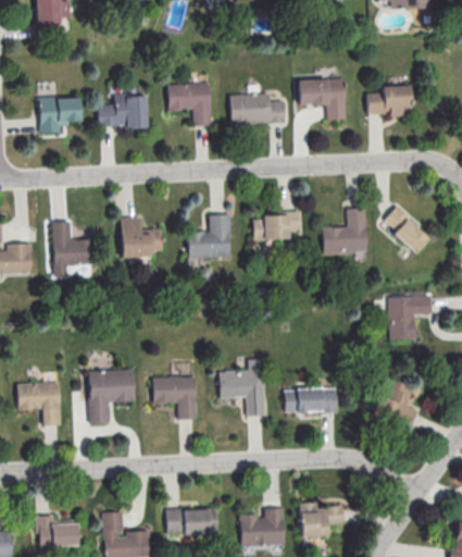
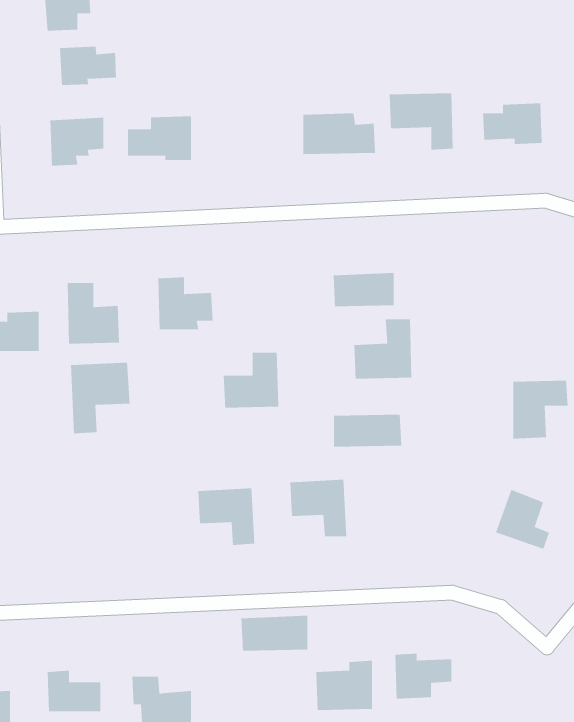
building: none -> [60,46,117,86]
building: [166,83,210,126] -> none
building: [383,207,429,252] -> none
building: [323,208,367,253] -> [353,319,412,379]
building: [188,214,230,257] -> [223,352,279,408]
building: [87,369,133,423] -> [70,362,131,434]
building: [16,382,60,425] -> none
building: [285,387,337,412] -> [333,414,402,447]
building: [166,507,217,534] -> [241,615,308,651]

